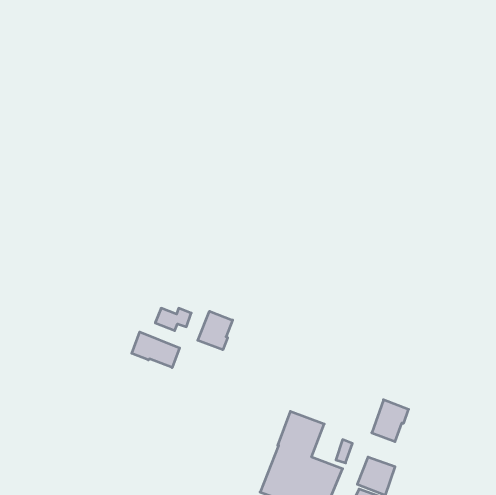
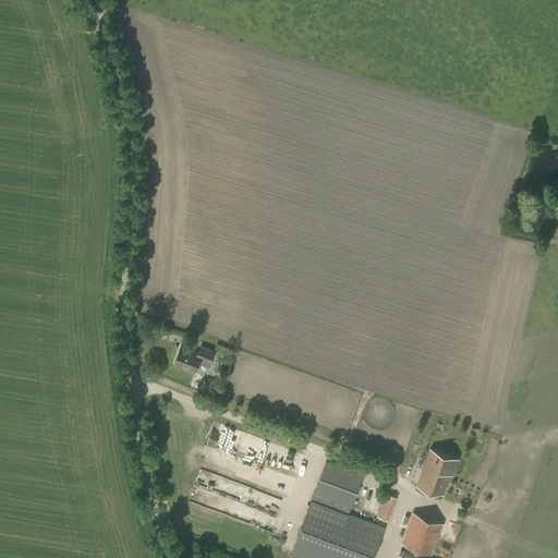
building: [198,311,233,350] -> none
building: [132,332,180,368] -> none

